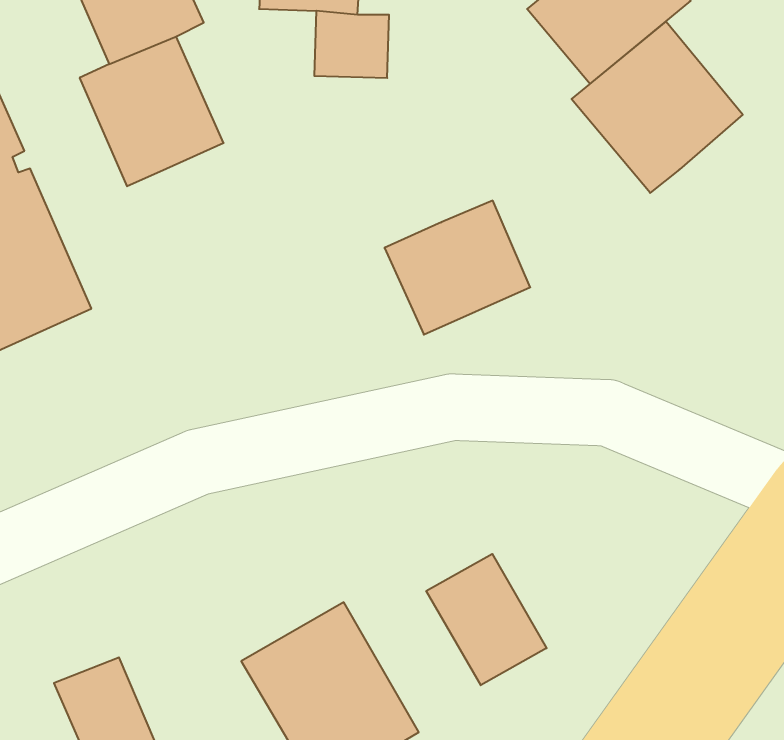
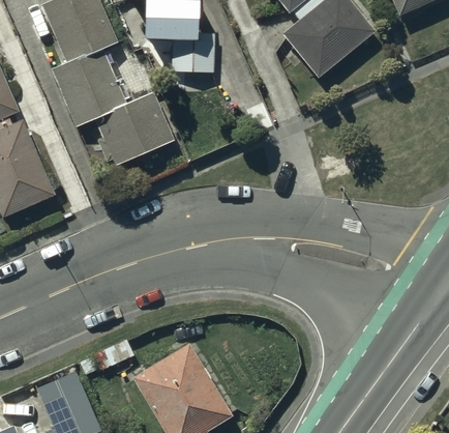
building: [572,22,743,193] -> none
building: [384,201,530,335] -> [95,93,172,164]
building: [426,554,547,685] -> none

